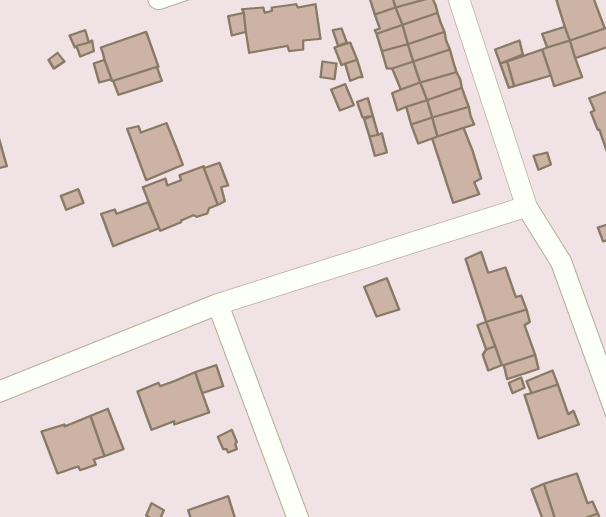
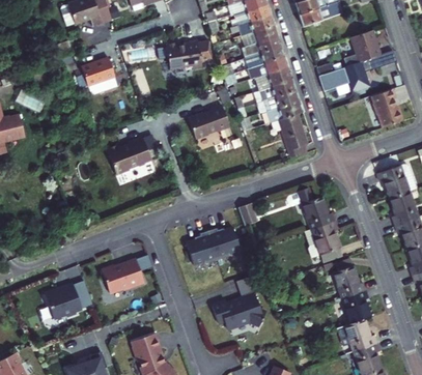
building: none -> [188,105,229,138]
building: [127,123,183,180] -> none
building: [101,202,159,246] -> none
building: none -> [187,227,241,264]
building: none -> [341,289,370,322]
building: none -> [213,292,265,328]

